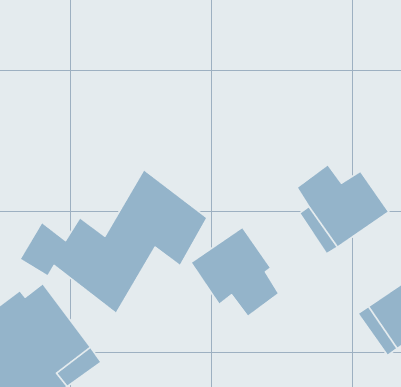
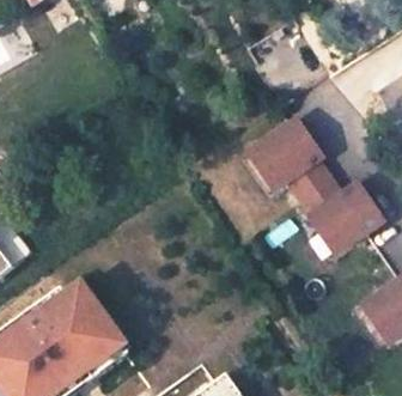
building: [20,170,207,314] -> none
building: [191,227,279,317] -> [252,117,330,196]

